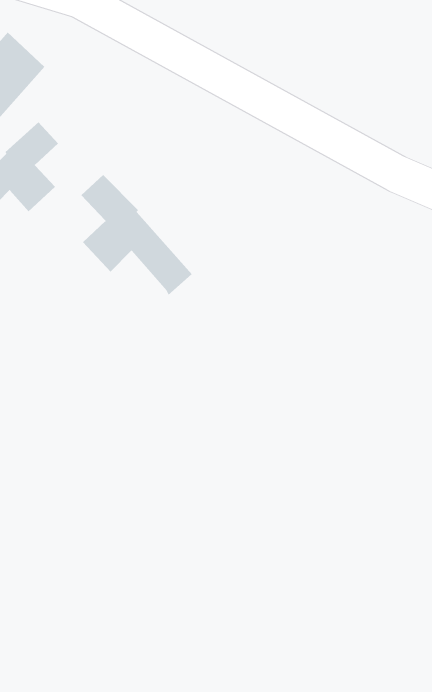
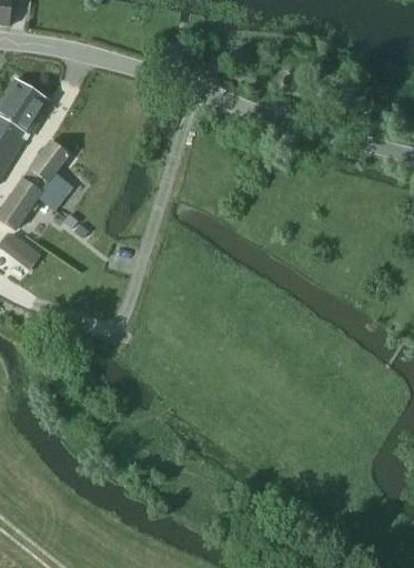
building: [80,174,193,295] -> none

